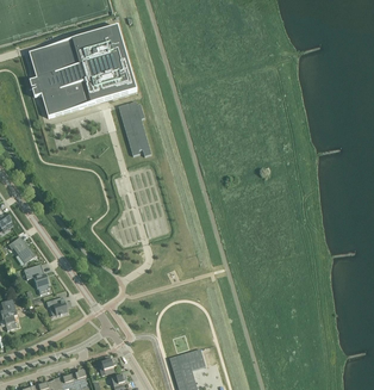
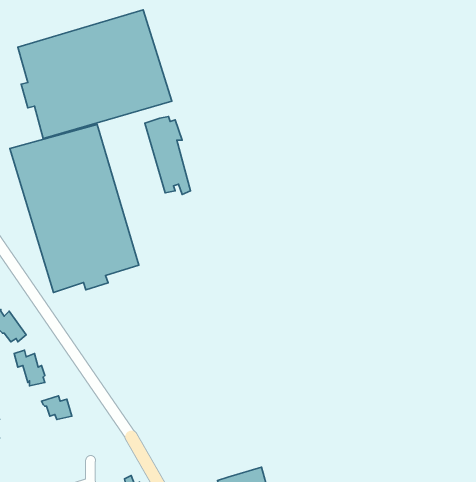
building: none -> [10,124,139,292]

